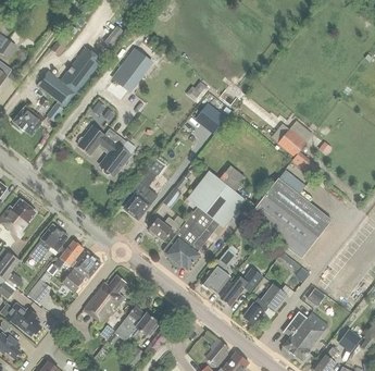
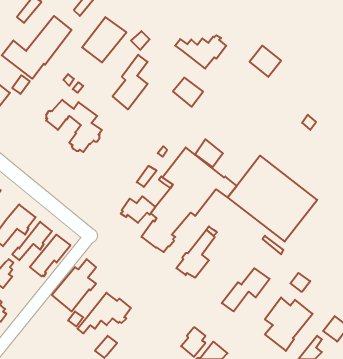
building: none -> [175,35,226,69]
building: [277,127,307,157] -> [250,46,281,77]
building: [124,168,157,219] -> [113,55,148,109]
building: [220,267,262,305] -> none

